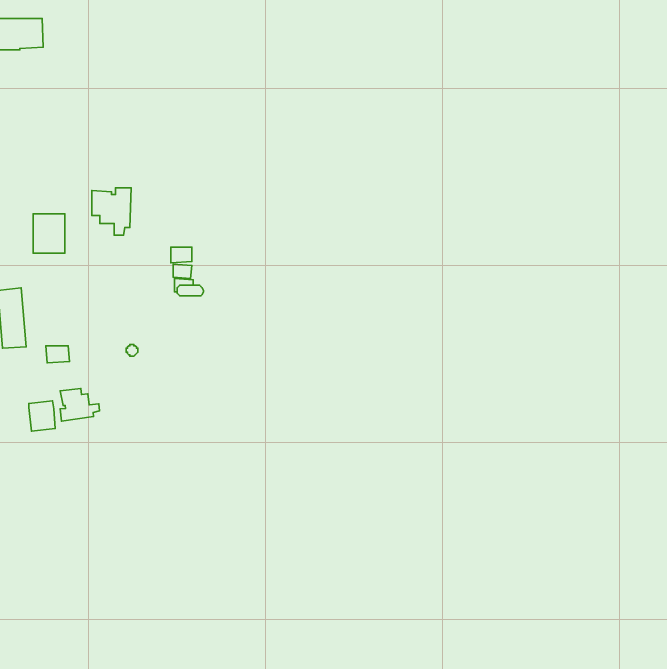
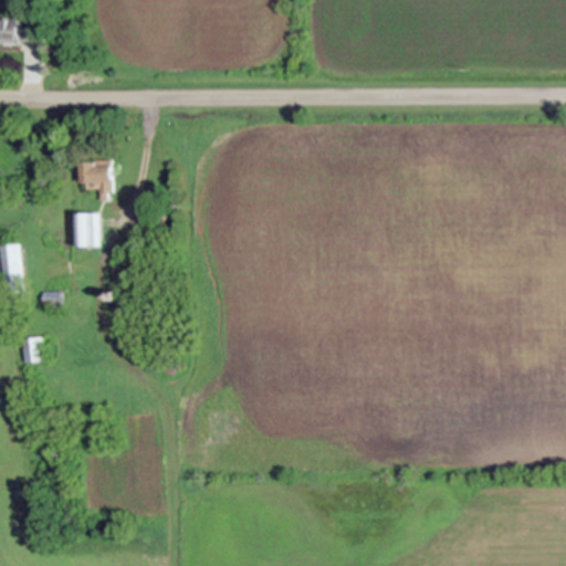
building: [33,214,65,253] -> [71,212,97,245]
building: [60,388,100,421] -> none

